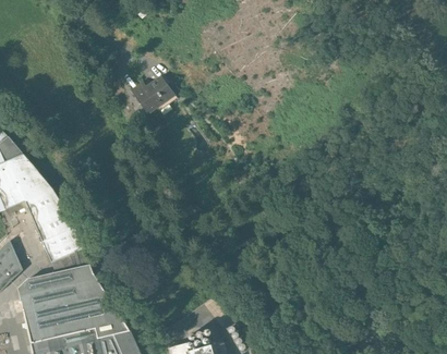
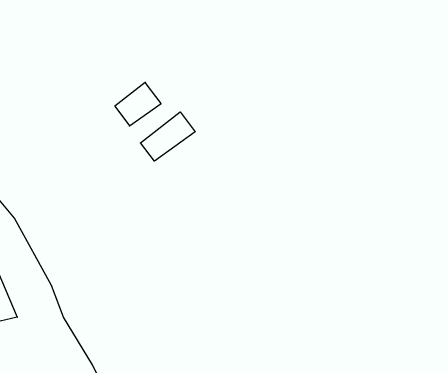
building: none -> [140,112,195,161]

